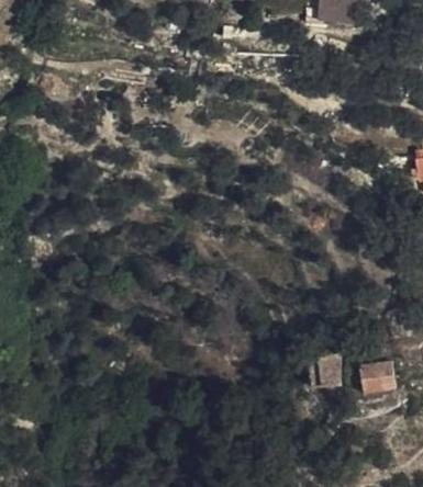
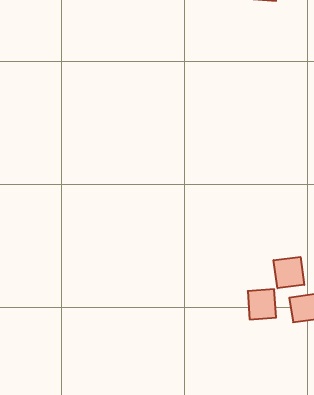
building: none -> [274,257,304,288]

